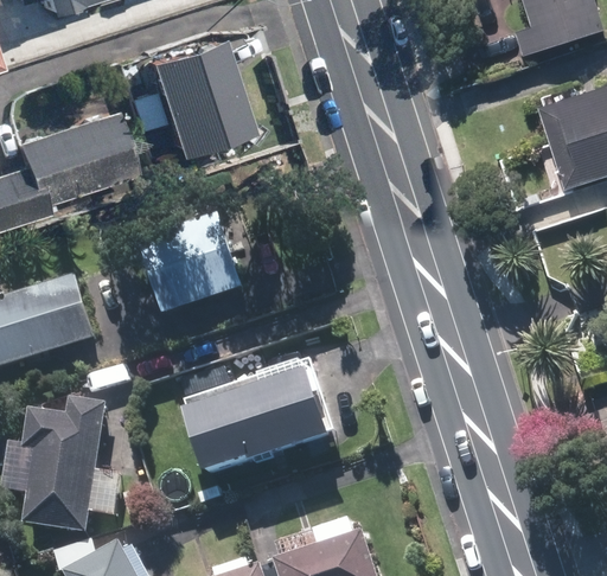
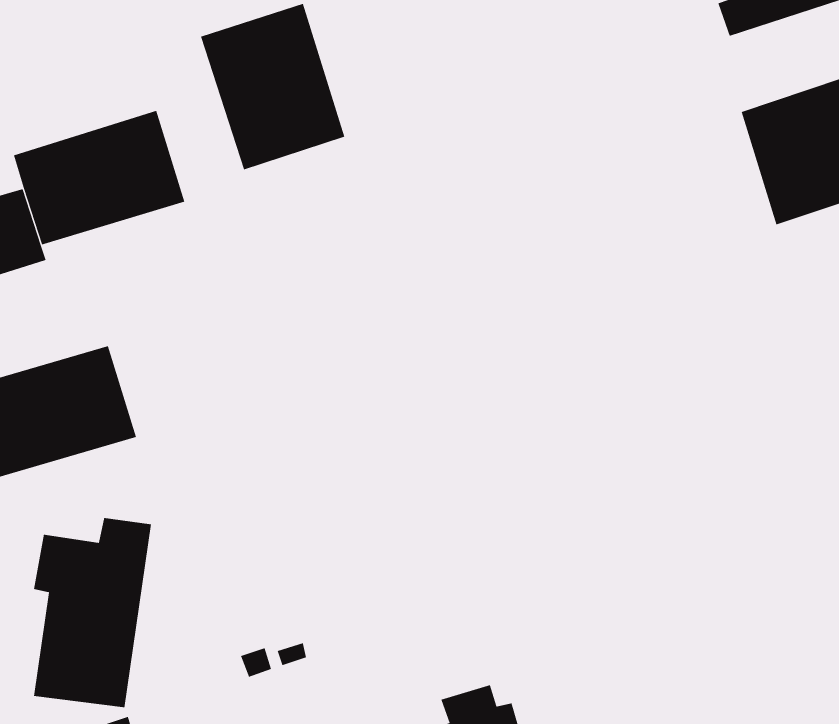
building: [141,213,244,313] -> none
building: [194,370,339,474] -> none

